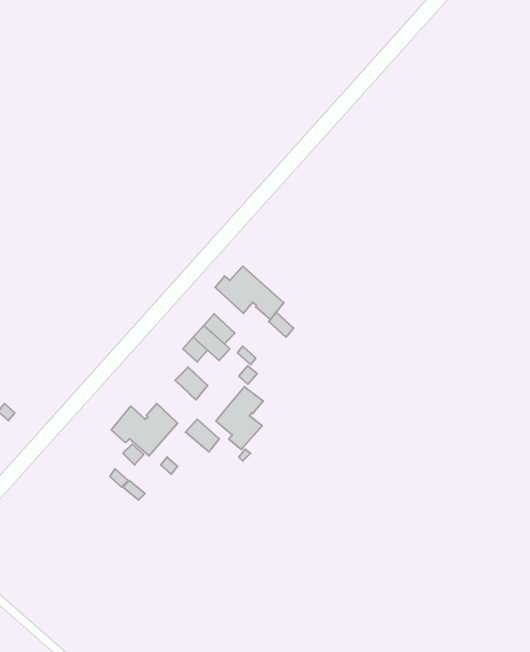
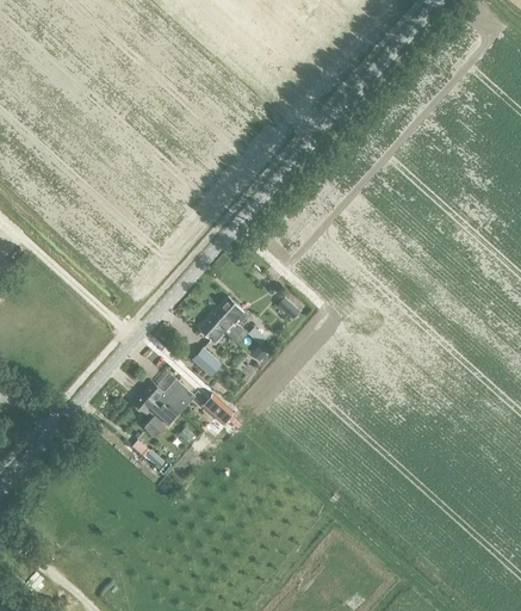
building: [215,266,284,320] -> none
building: [216,387,263,449] -> none

